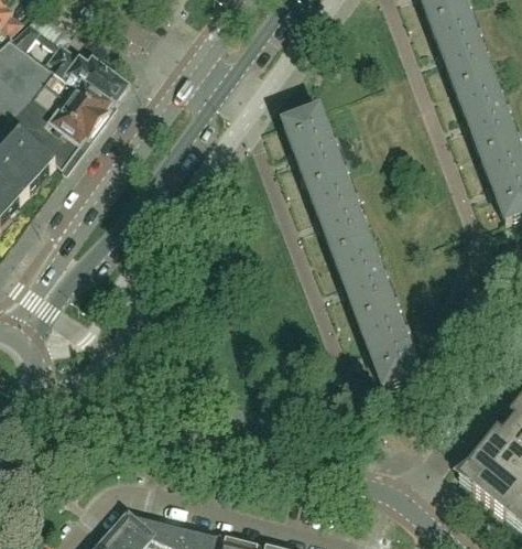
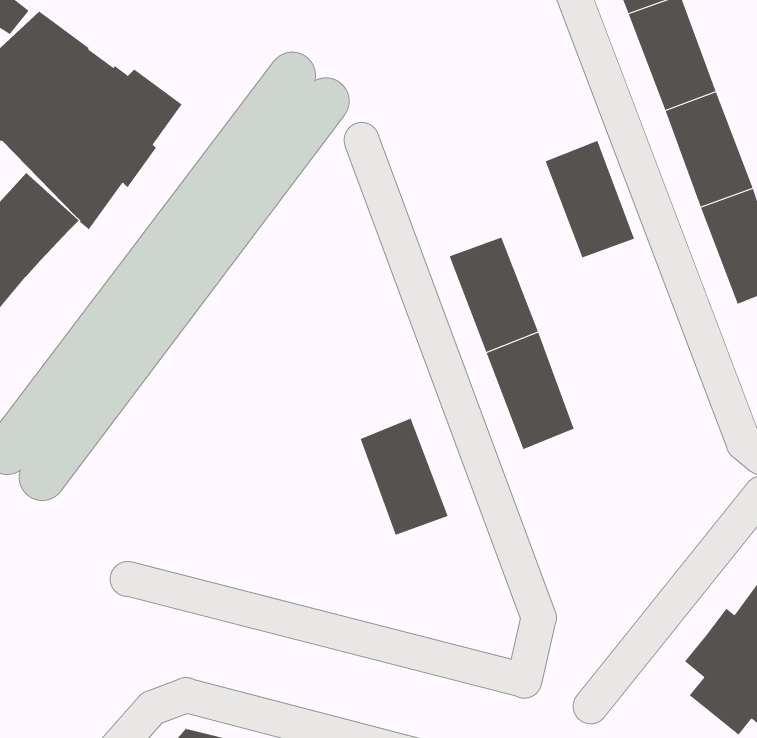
building: [282,106,344,186] -> [545,140,635,258]
building: [358,304,418,385] -> [360,418,448,536]

